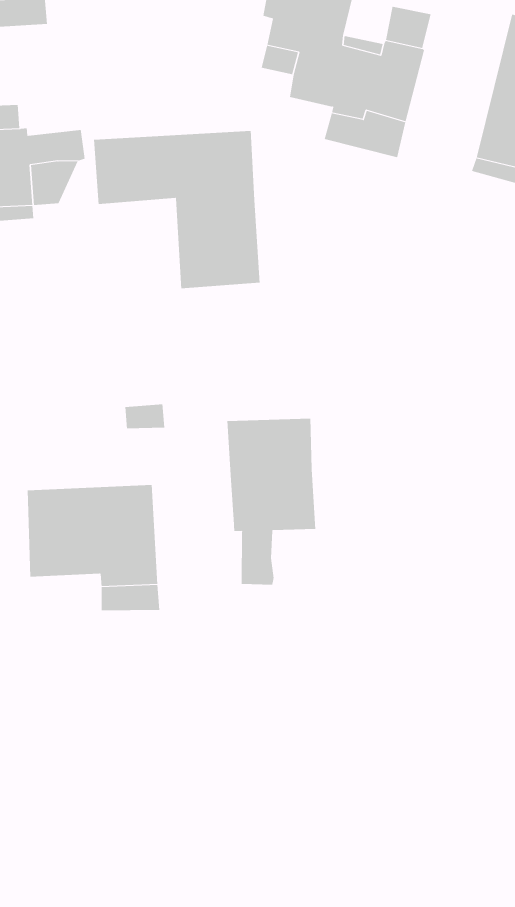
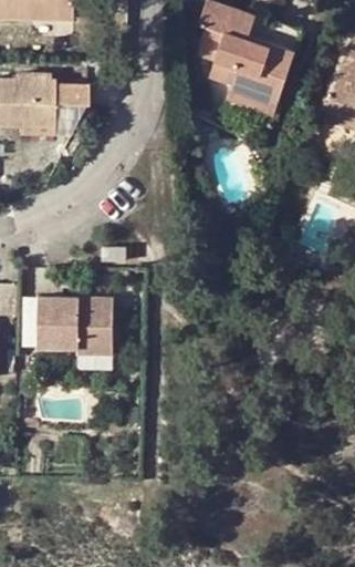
building: [94,130,260,289] -> none
building: [227,418,316,586] -> none

